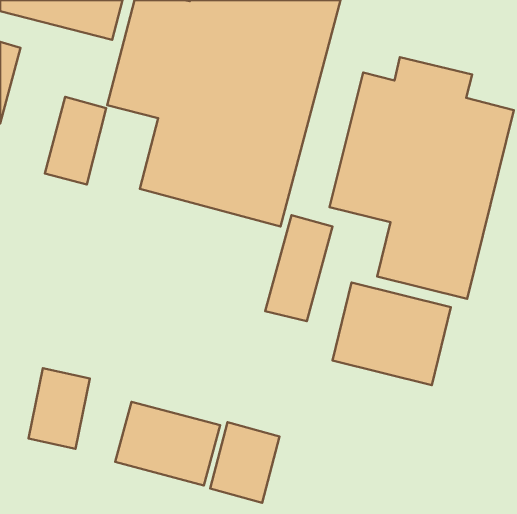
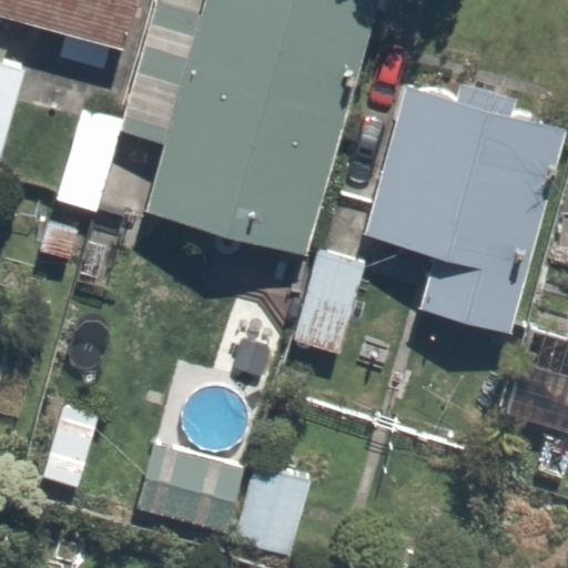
building: [333,282,451,385] -> none

